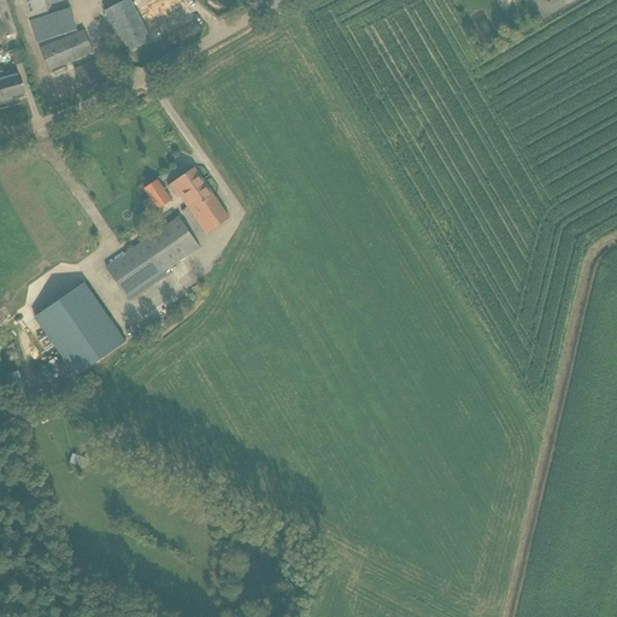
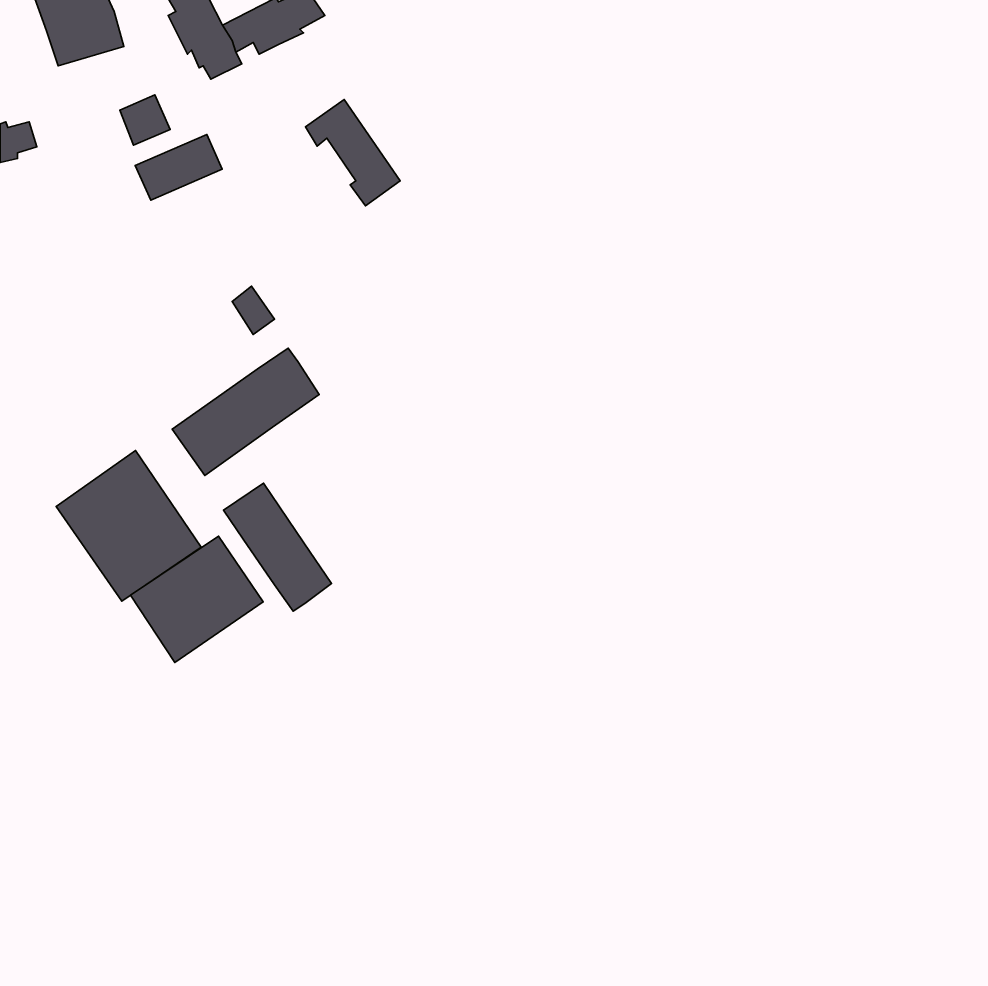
building: [40,29,94,70] -> [135,134,222,200]
building: [170,166,229,233] -> [306,100,400,206]
building: none -> [223,483,332,611]
building: none -> [131,536,263,662]

